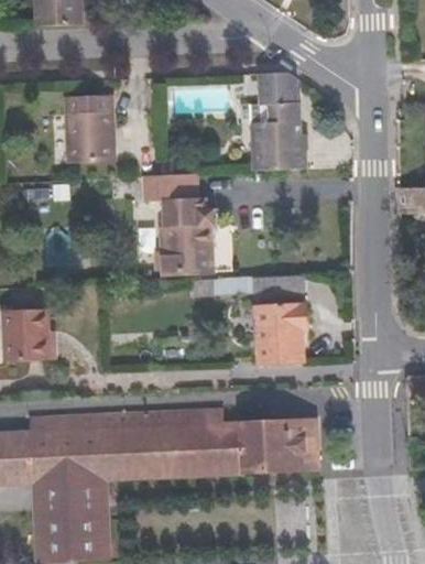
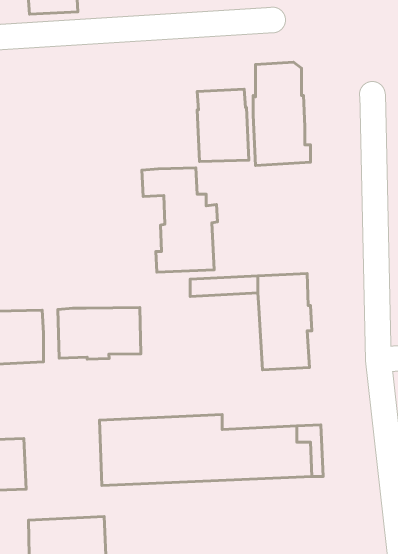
building: [65,94,115,163] -> [197,89,249,161]
building: none -> [58,307,141,359]
building: [30,415,107,511] -> none

